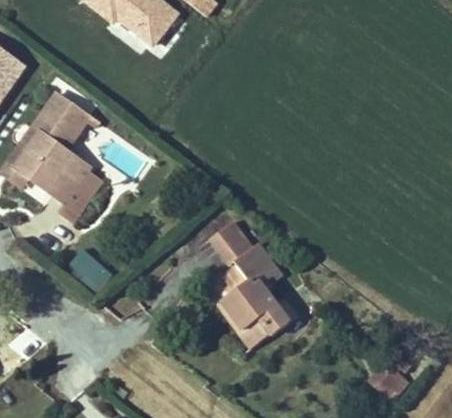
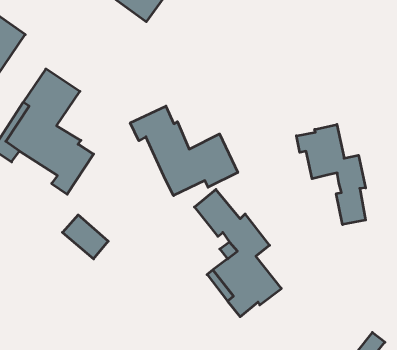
building: none -> [130,106,238,196]
building: none -> [296,124,366,225]

